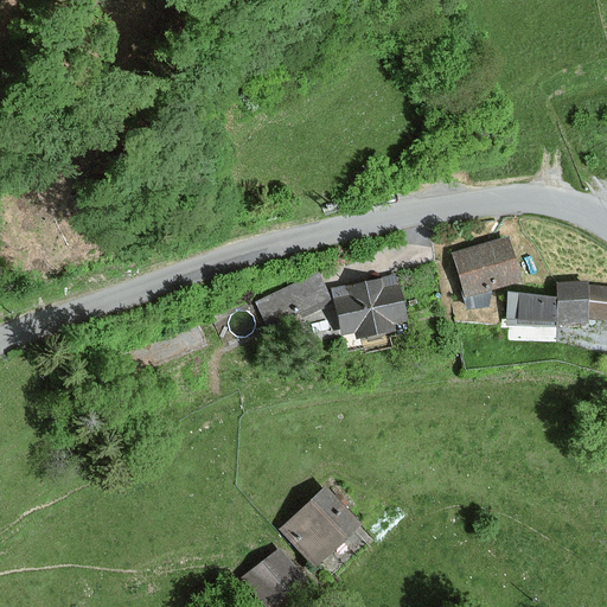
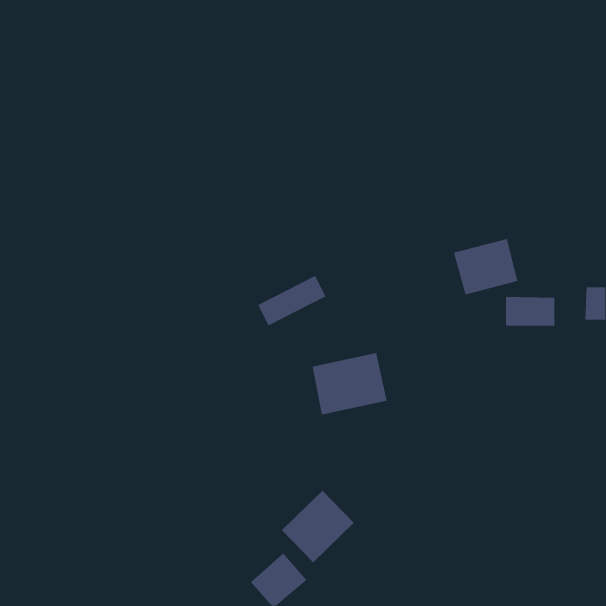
building: [331,275,407,338] -> [312,352,388,415]
building: [555,282,586,327] -> none

